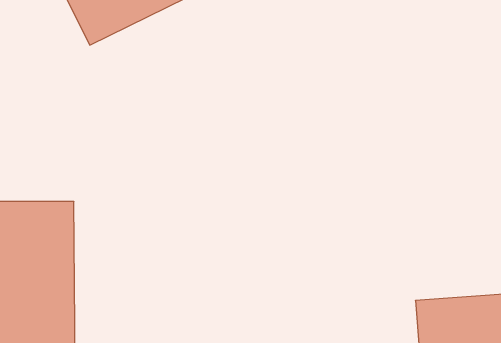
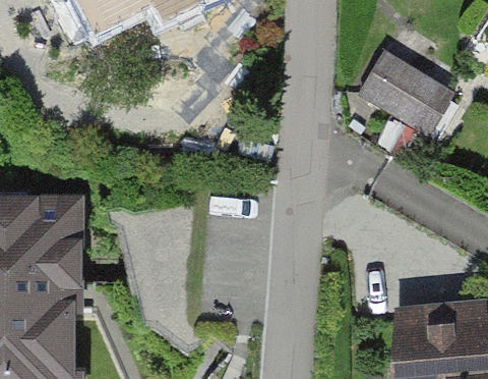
building: none -> [357,47,455,137]

